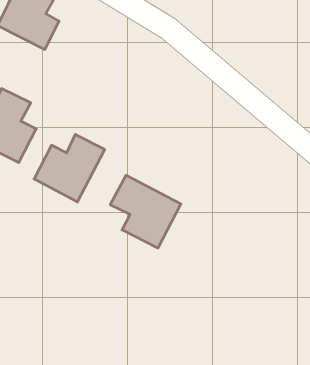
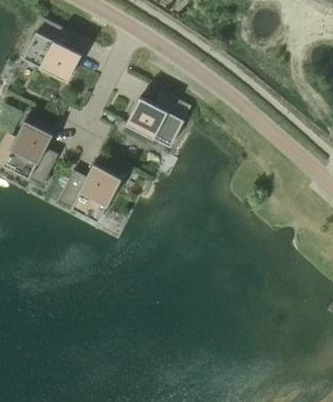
building: none -> [127,90,191,147]
building: [110,175,181,248] -> none

